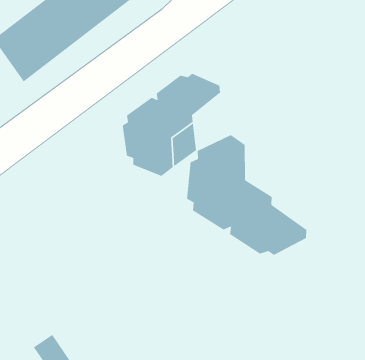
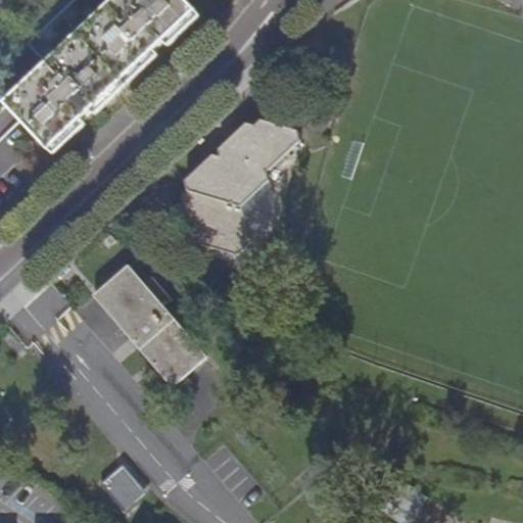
building: [186,134,307,256] -> none
building: none -> [91,265,206,386]

